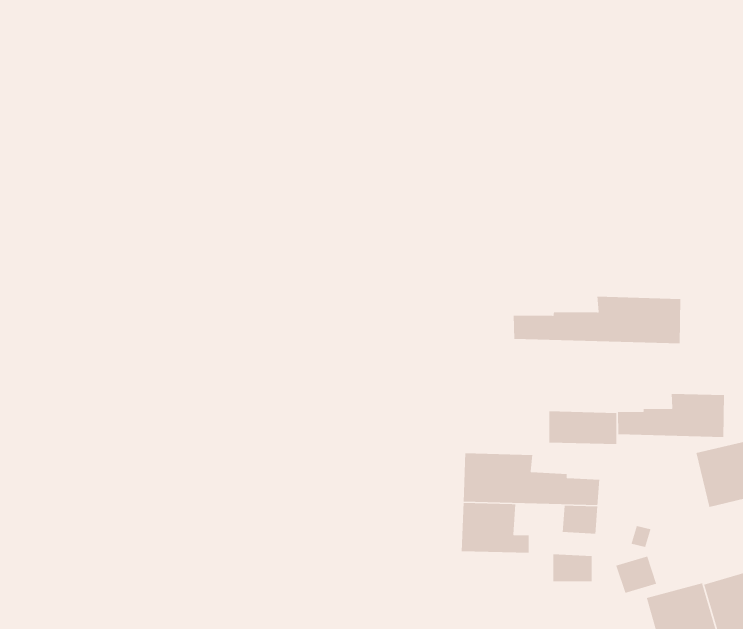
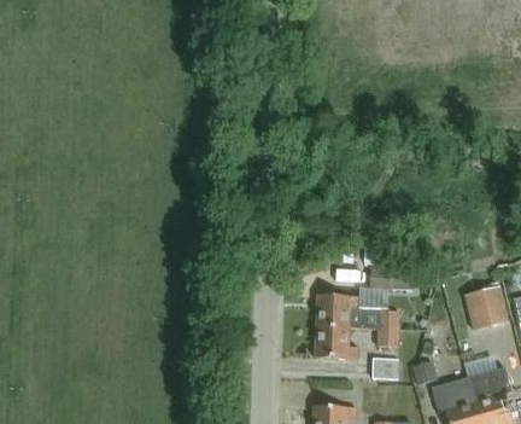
building: [513,296,681,344] -> none
building: [617,393,725,438] -> none

